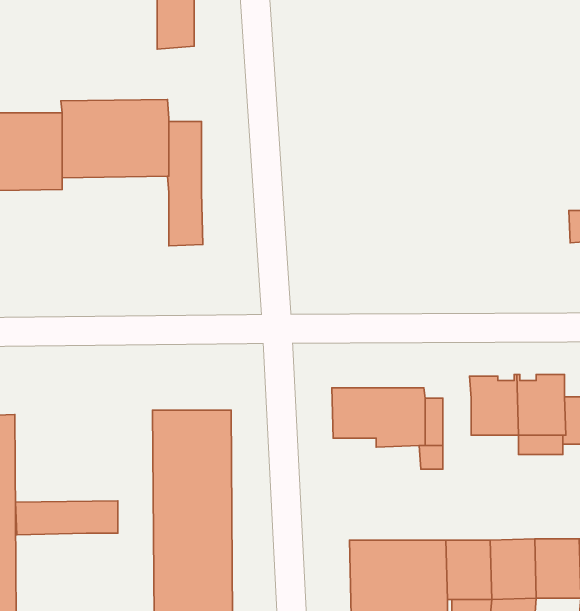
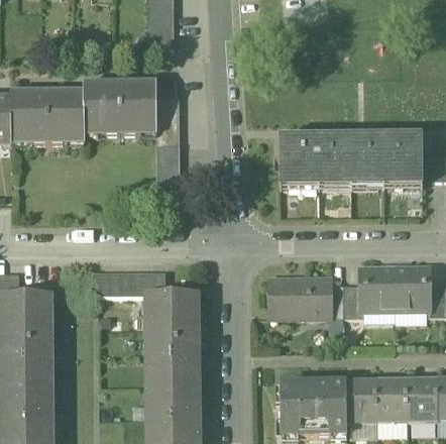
building: none -> [278,134,421,180]
building: none -> [343,284,363,316]
building: [15,501,118,535] -> [97,269,166,293]

